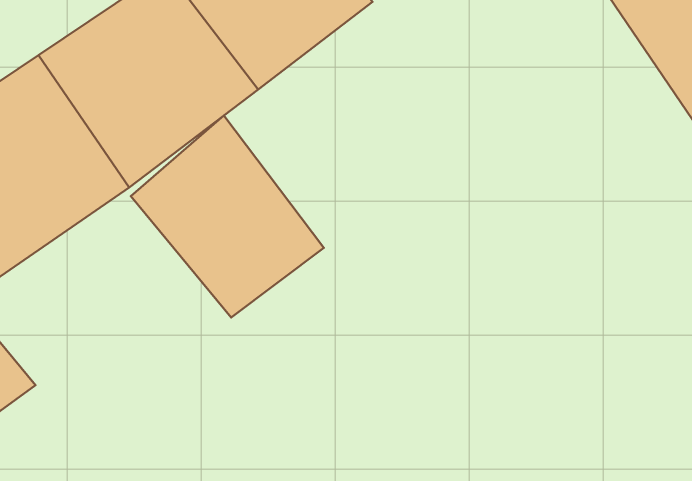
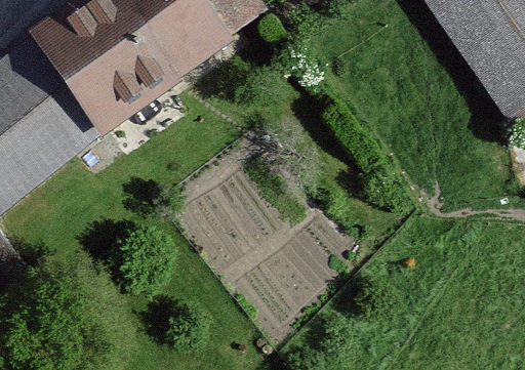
building: [131,116,324,318] -> none

